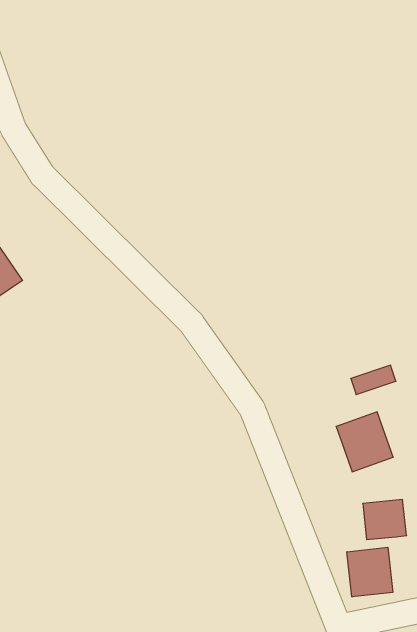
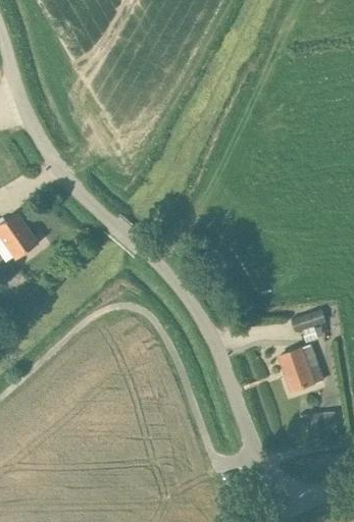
building: [347,547,393,597] -> none

